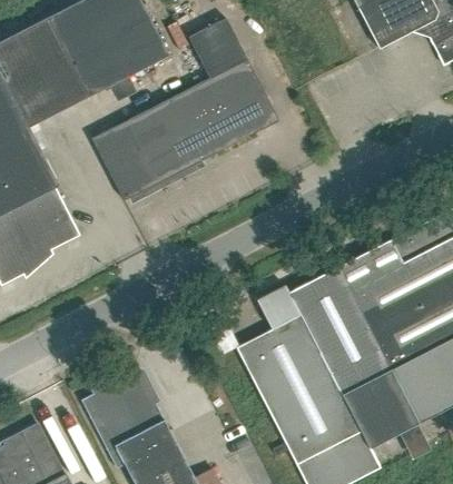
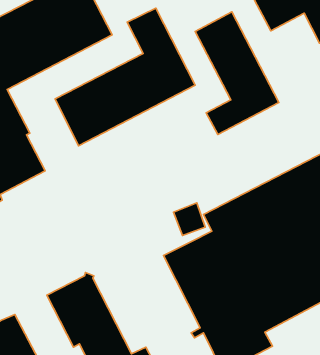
building: none -> [195,12,279,135]

